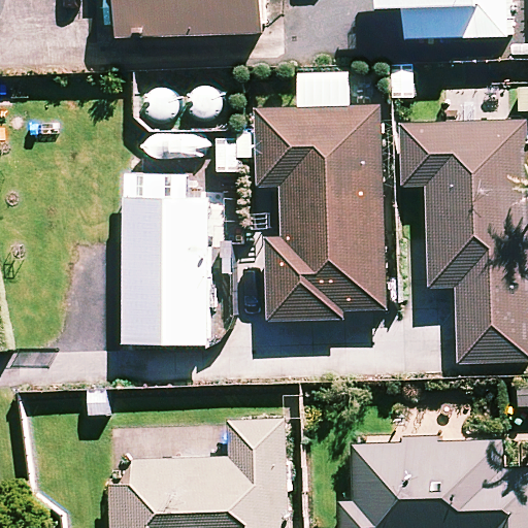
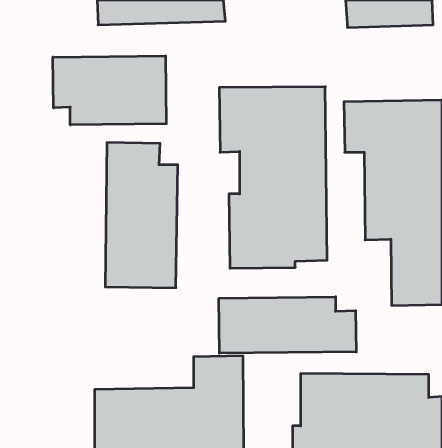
building: none -> [53,56,166,125]
building: none -> [219,297,356,353]

